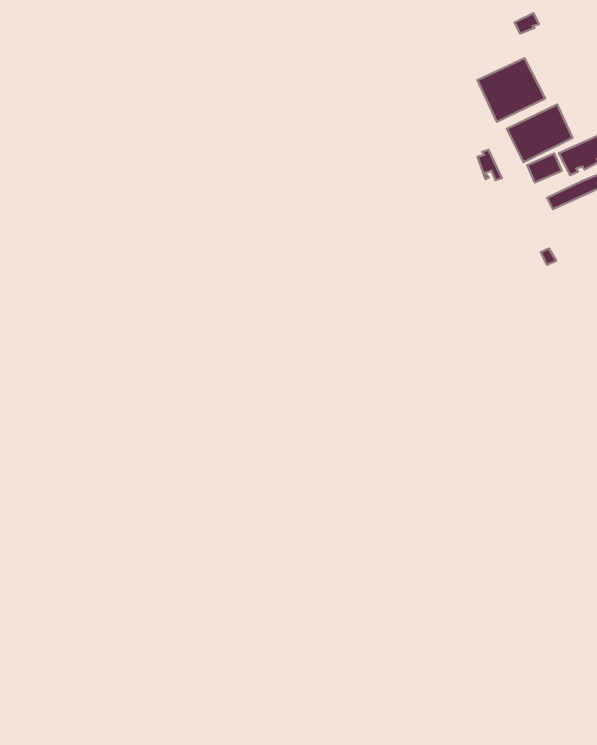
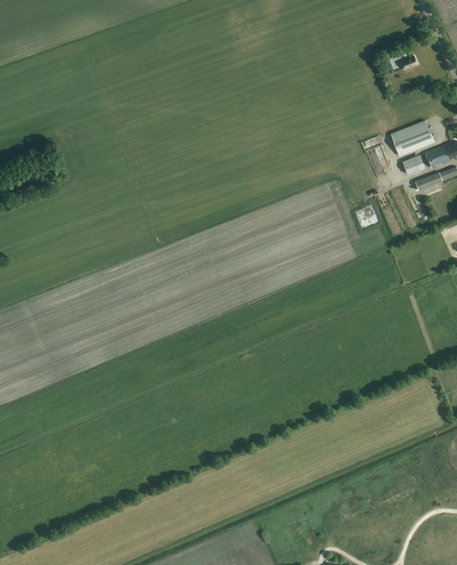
building: [477,58,545,122] -> none

